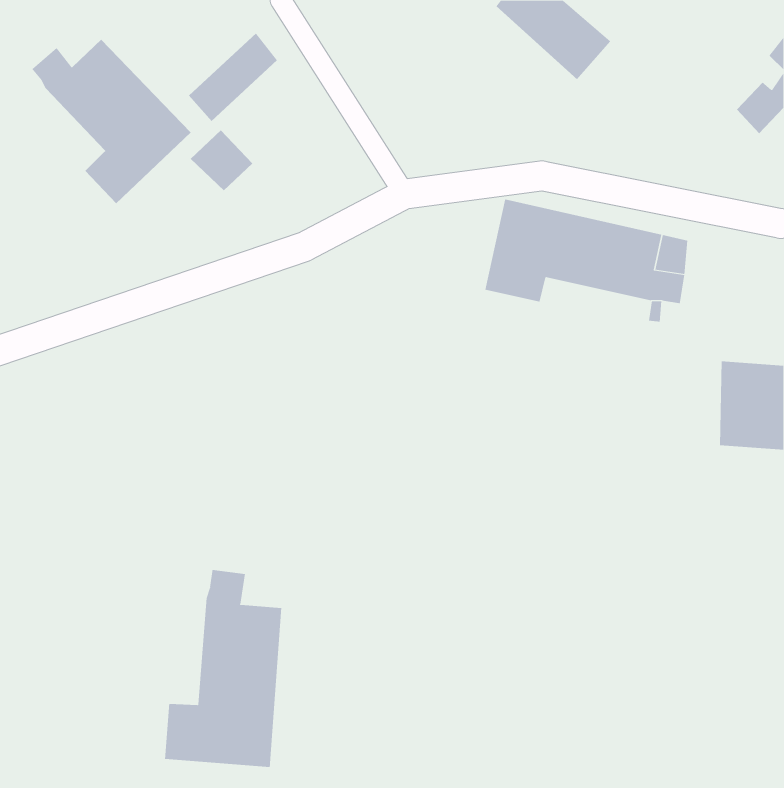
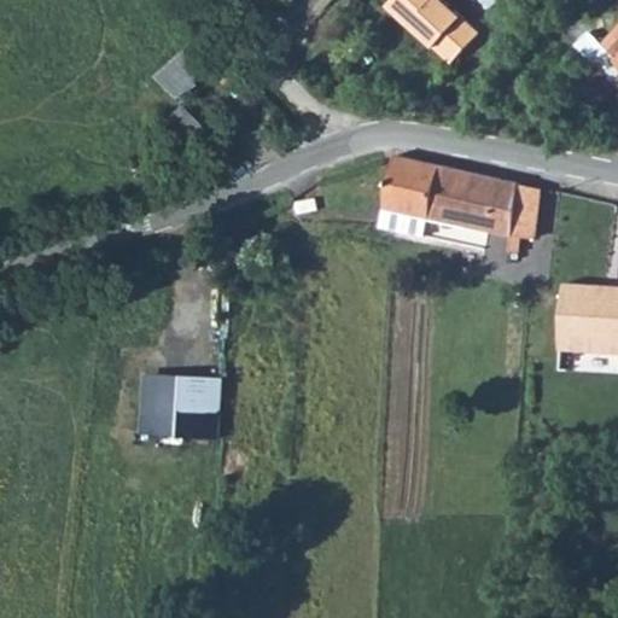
building: [31,39,191,204] -> none
building: none -> [157,374,221,439]
building: [164,569,282,768] -> none

